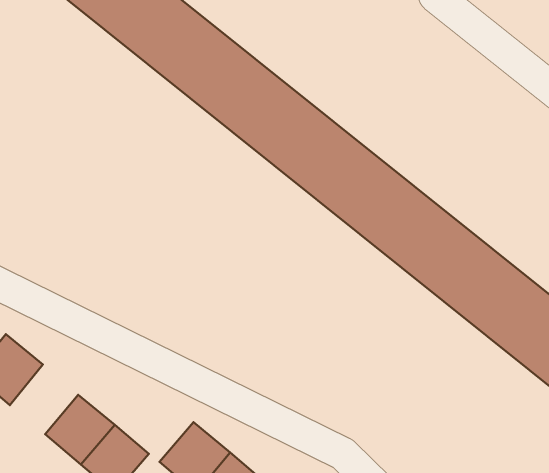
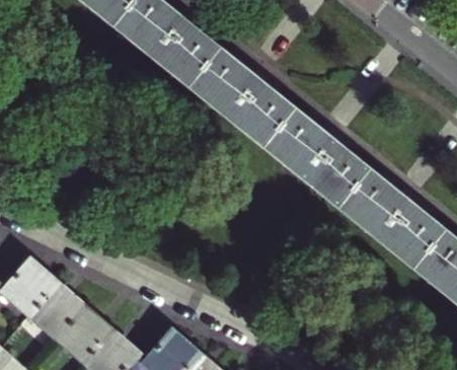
building: none -> [32,283,85,337]

